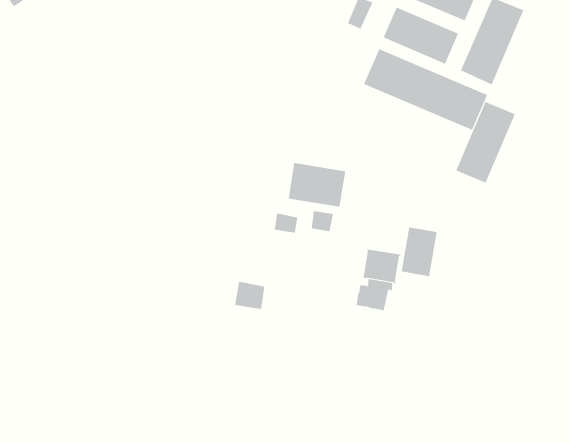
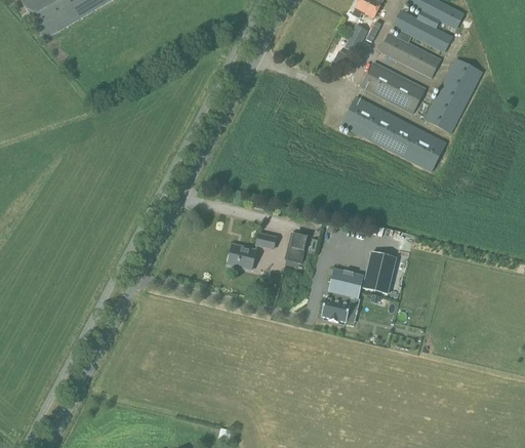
building: [456,101,516,184] -> none
building: [288,162,346,208] -> none
building: [234,281,265,309] -> [228,243,255,269]

